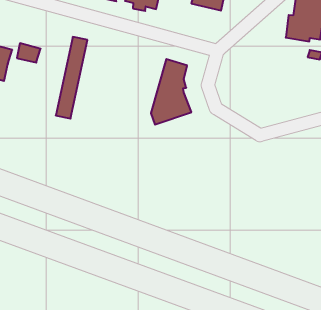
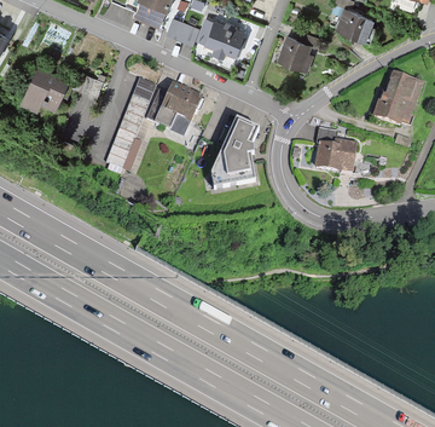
building: none -> [147,81,202,135]
building: none -> [314,128,356,173]

